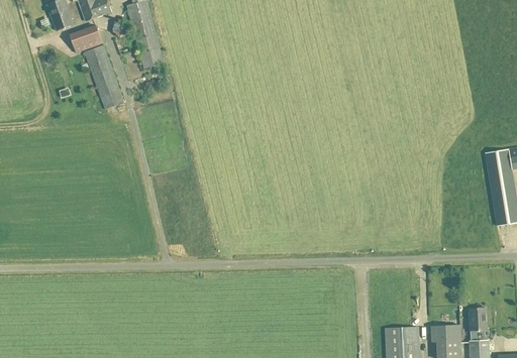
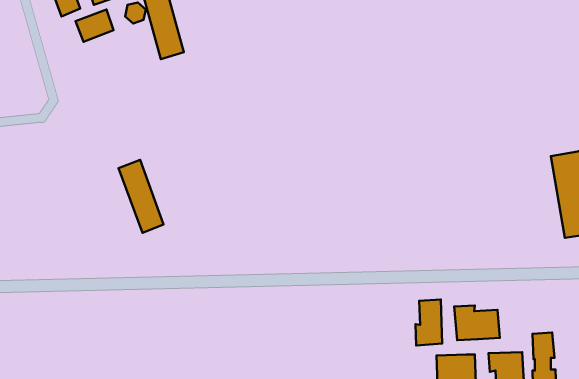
building: [84,44,123,108] -> [118,160,163,233]
building: none -> [416,300,442,345]
building: none -> [454,305,500,340]

